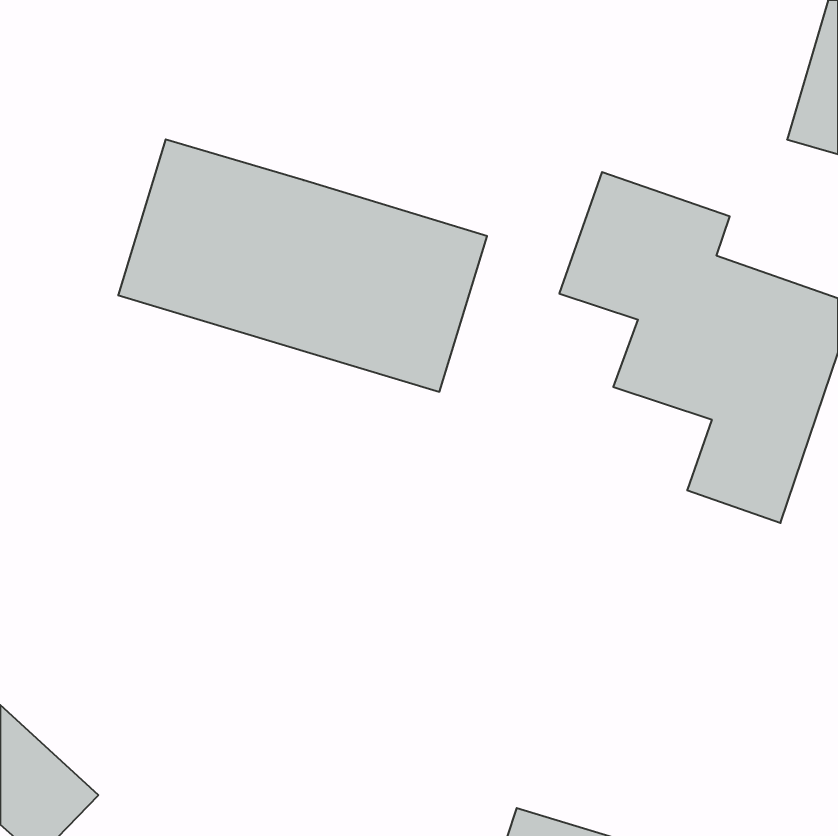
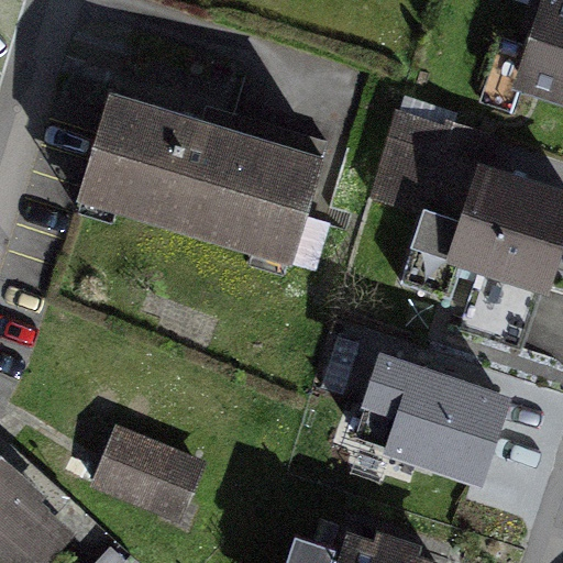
building: none -> [362,347,514,487]
building: none -> [91,419,208,518]

